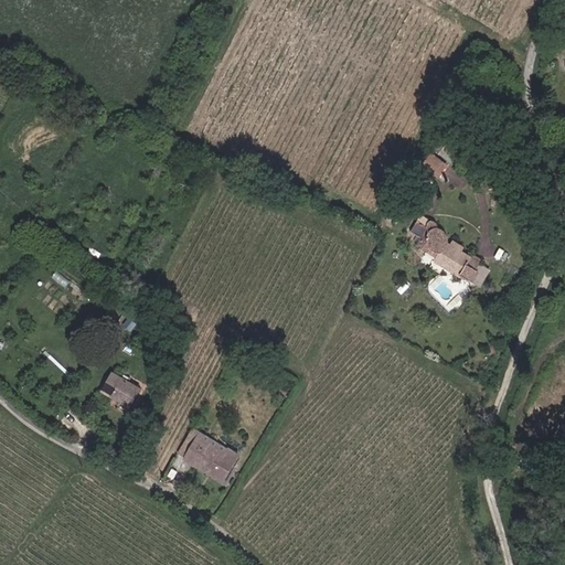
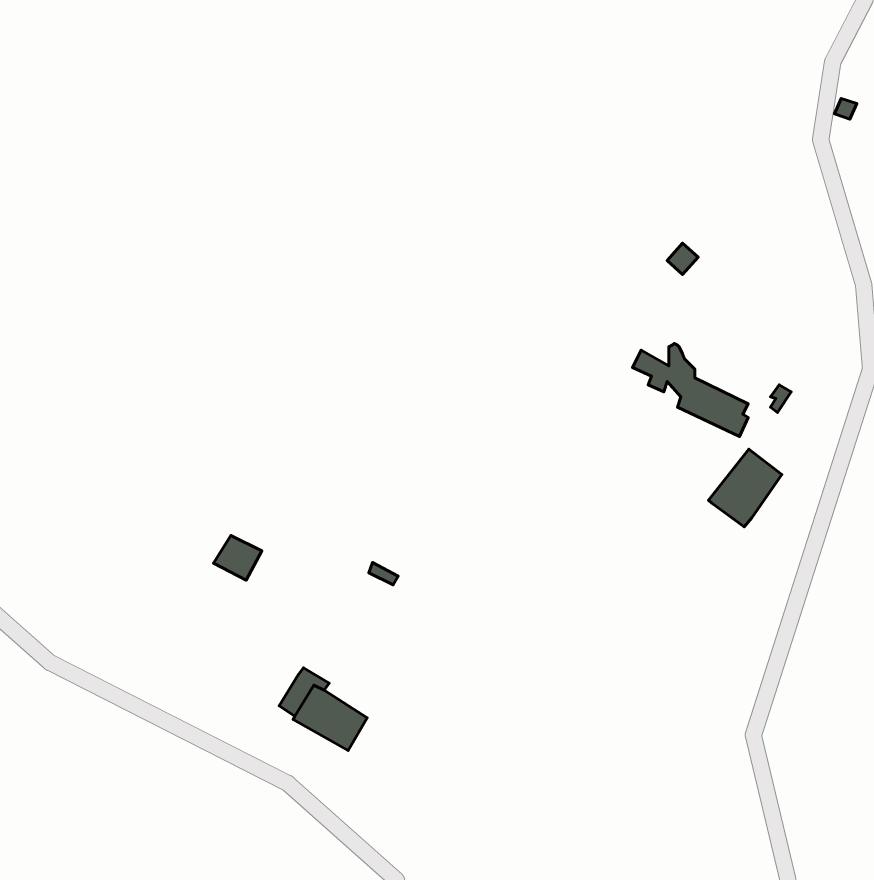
building: none -> [708,449,782,527]
building: [110,377,141,406] -> [213,535,262,580]

